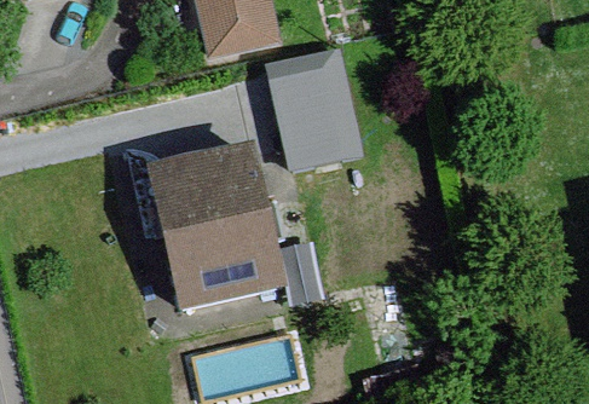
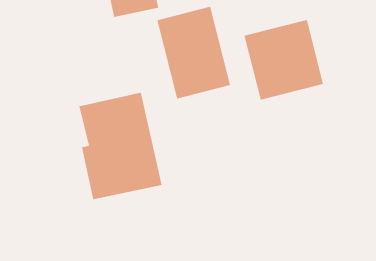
building: none -> [244,19,324,100]

